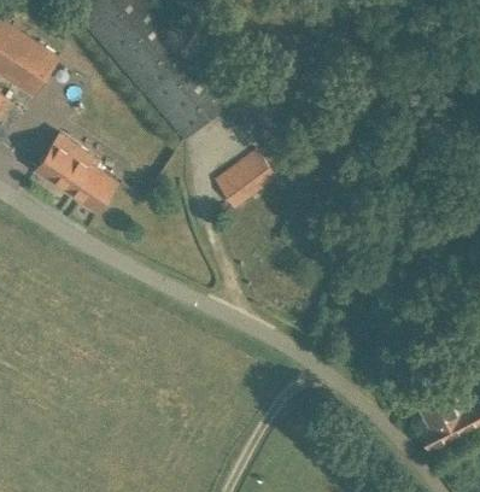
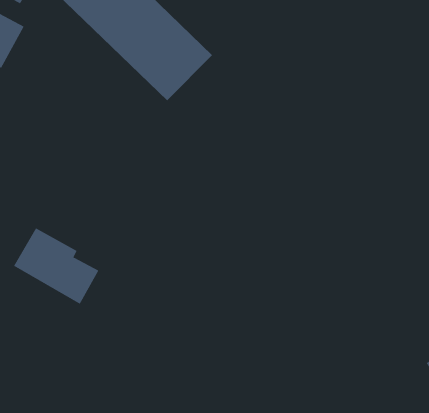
building: [35,135,117,212] -> [13,228,99,305]
building: [217,156,271,206] -> none

